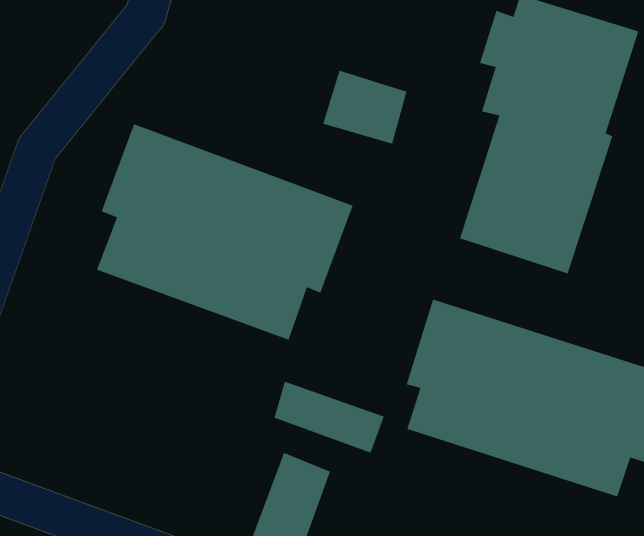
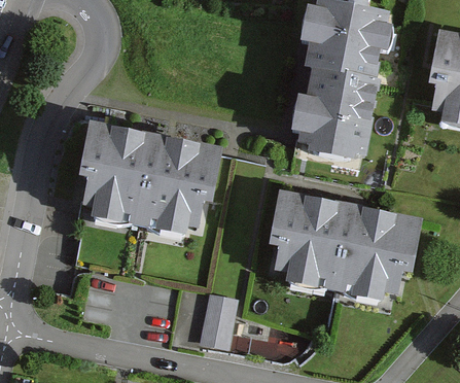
building: [322,70,407,145] -> none
building: [274,381,384,454] -> none

